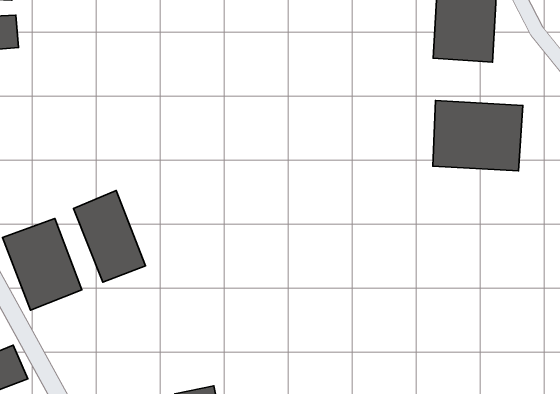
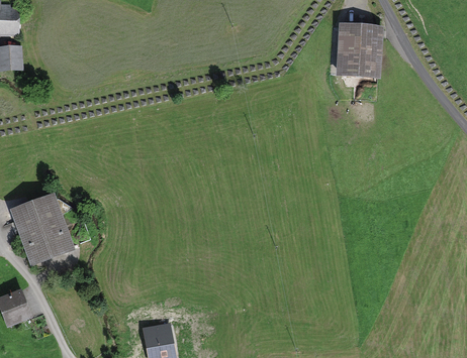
building: [433,101,523,171] -> none
building: [74,190,146,282] -> none

